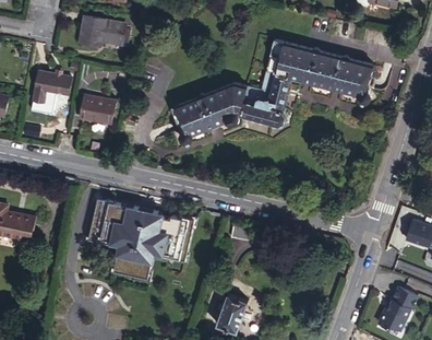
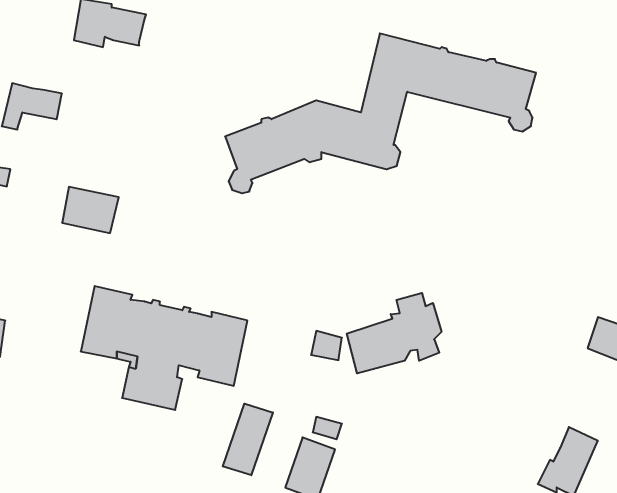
building: [82,94,118,124] -> [62,187,119,233]
building: none -> [347,293,441,373]
building: none -> [223,404,273,475]

